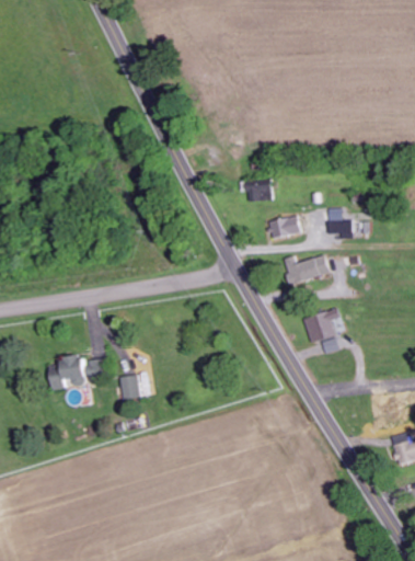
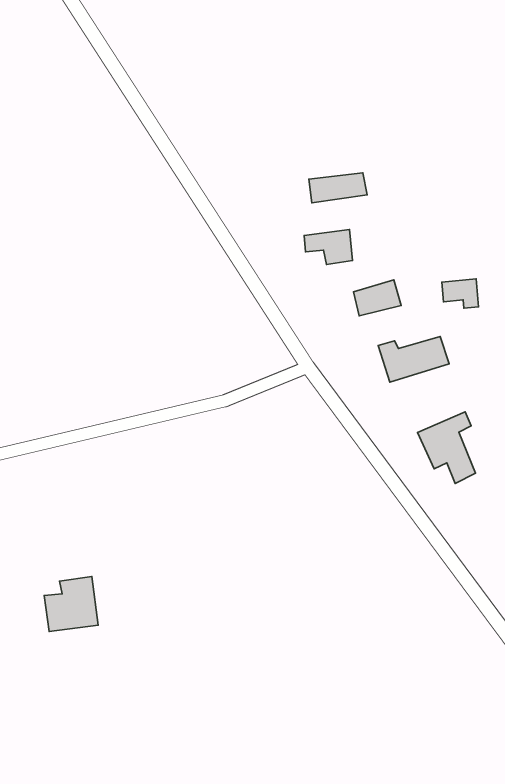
building: none -> [309,173,367,203]
building: [49,354,83,388] -> [44,576,98,631]
building: [120,374,143,398] -> none

